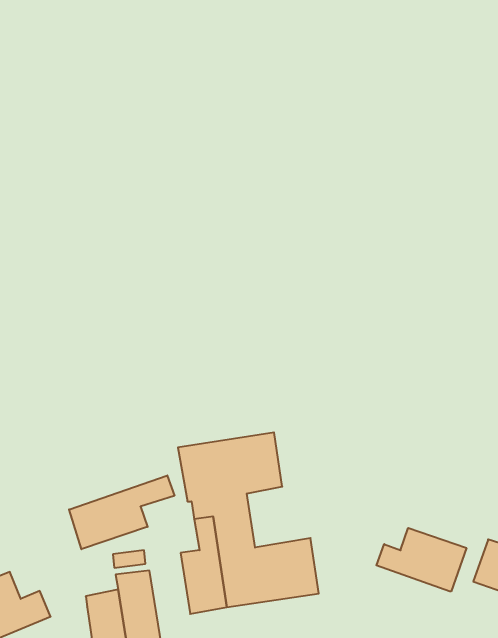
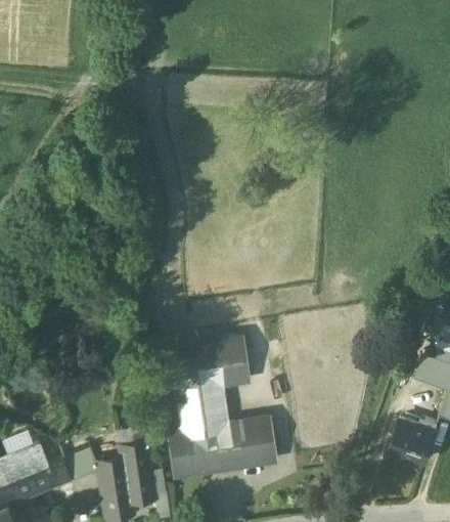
building: [69,475,174,549] -> none
building: [376,528,466,591] -> none
building: none -> [65,447,101,481]

